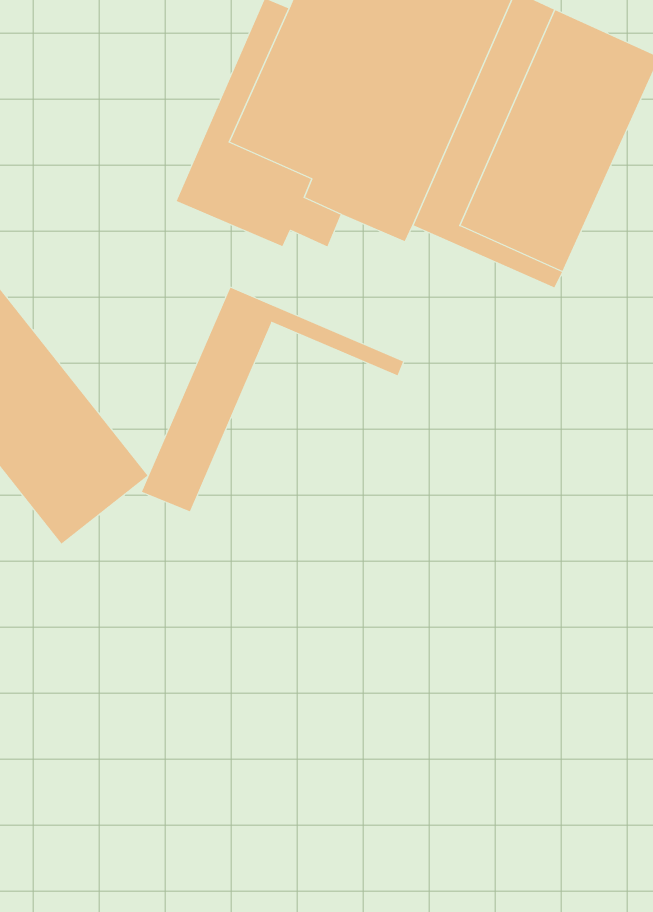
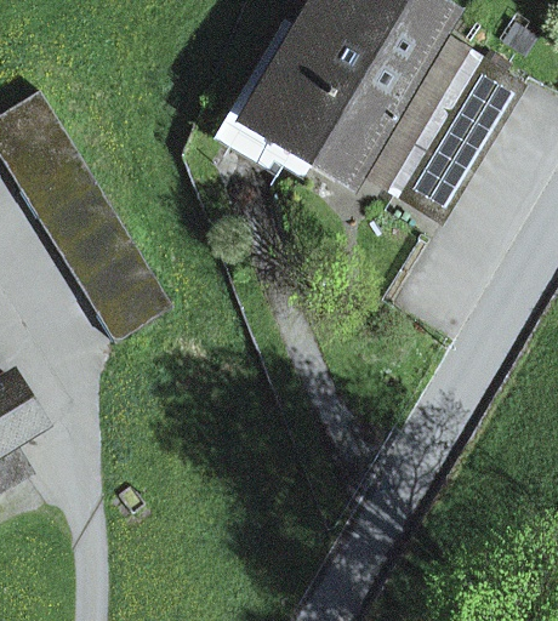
building: [141,287,404,512] -> none

